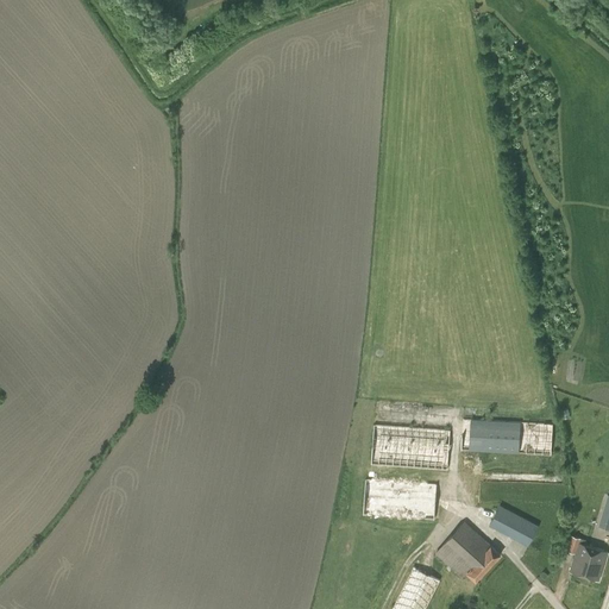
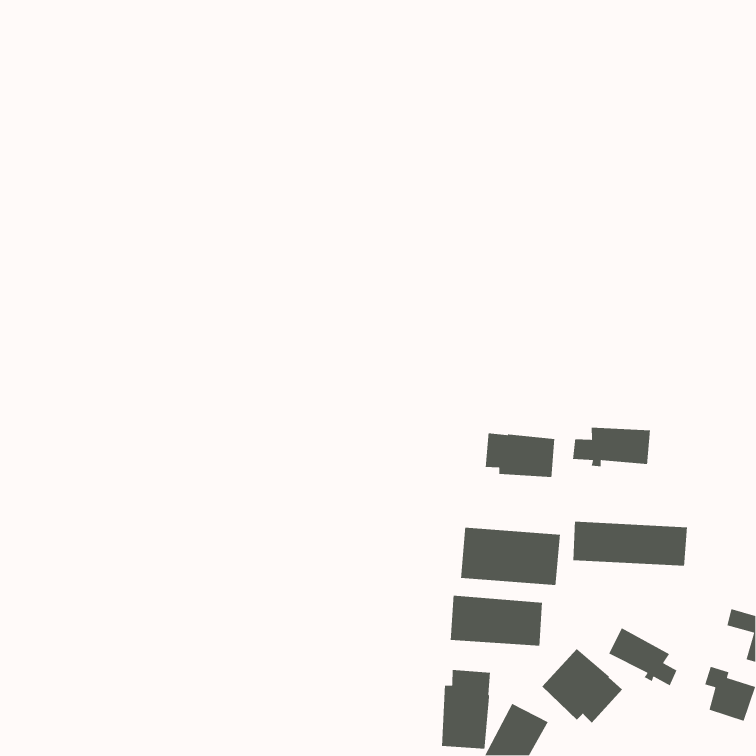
building: none -> [572,427,651,467]
building: none -> [485,433,555,478]
building: none -> [441,669,491,749]

